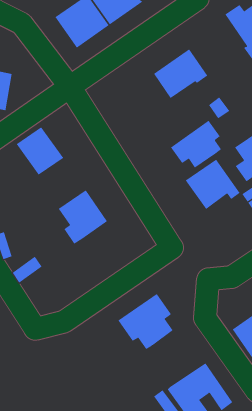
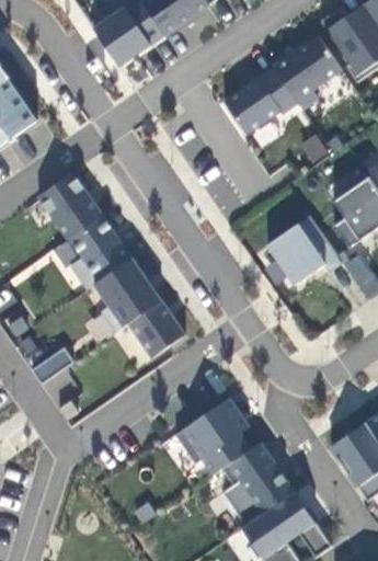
building: none -> [273,35,342,108]
building: [170,120,222,169] -> none
building: none -> [69,215,133,289]
building: none -> [128,300,185,357]
building: none -> [222,443,295,525]

